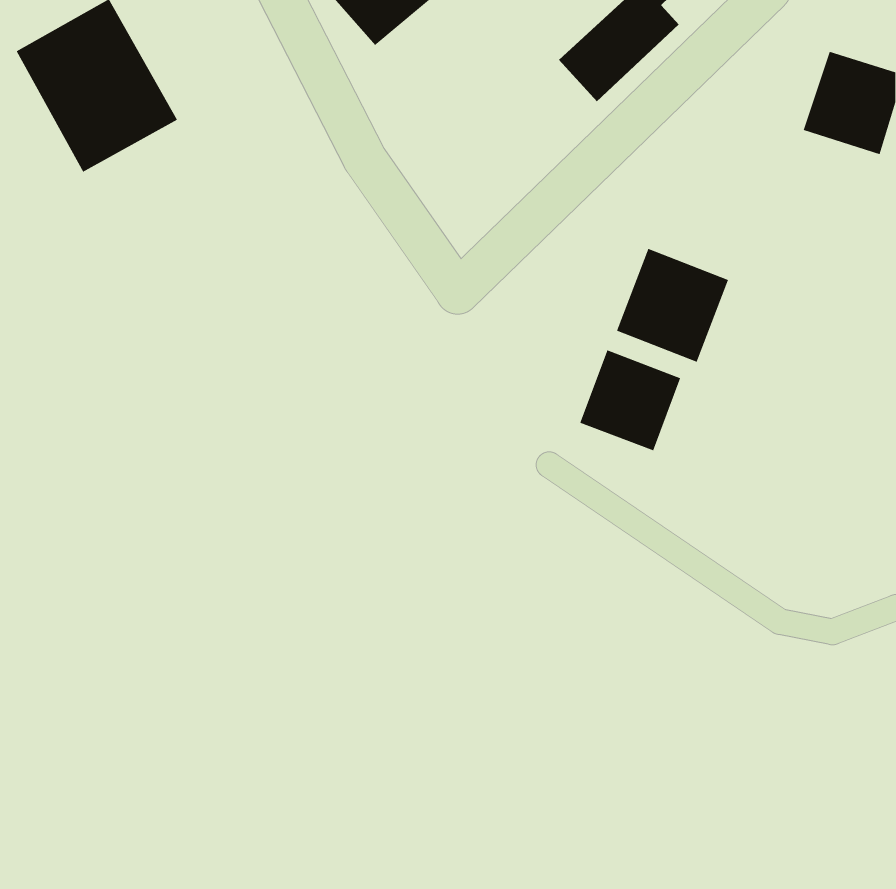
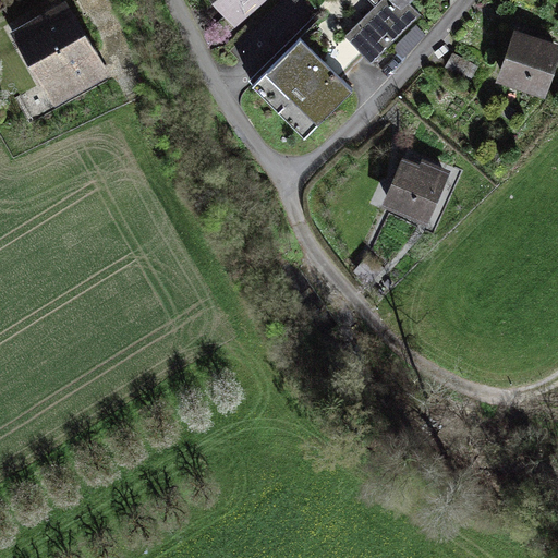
building: none -> [253,39,351,136]
building: [580,349,681,451] -> none

